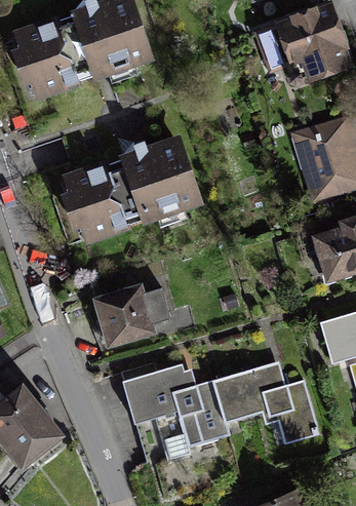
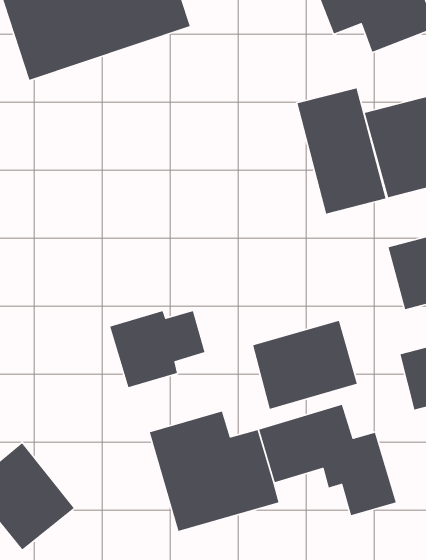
building: none -> [296,88,386,214]
building: [56,137,201,242] -> none
building: none -> [252,320,358,410]

